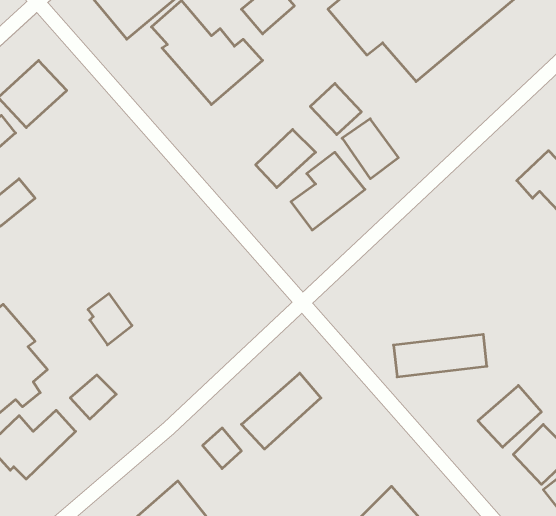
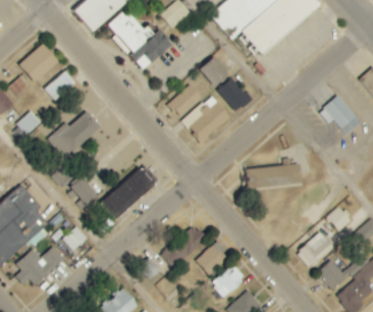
building: none -> [44,70,75,101]
building: none -> [47,111,101,160]
building: none -> [100,166,155,220]
building: [393,334,487,377] -> [248,162,302,187]
building: none -> [196,244,227,274]
building: none -> [211,264,246,297]

